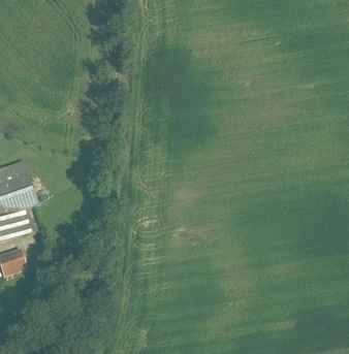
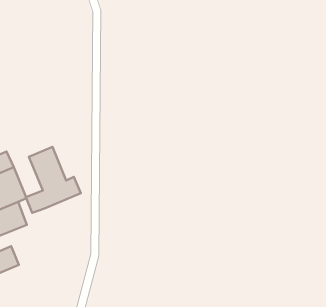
building: none -> [26,147,81,213]

